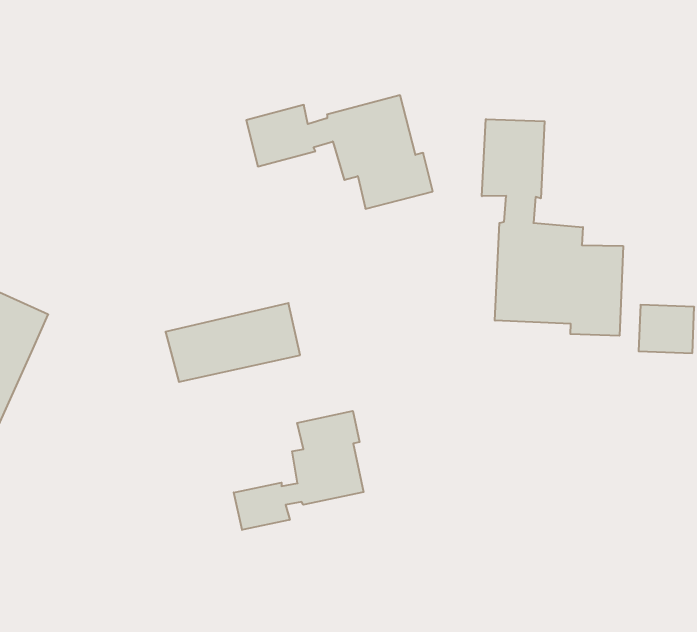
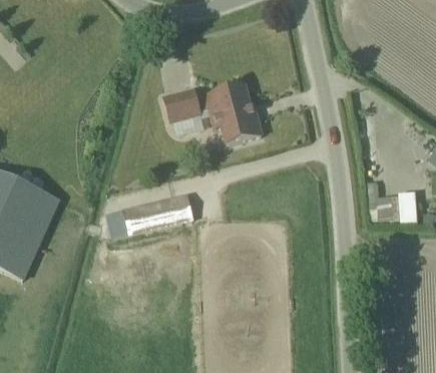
building: [482,119,623,336] -> none
building: [234,411,364,530] -> none

